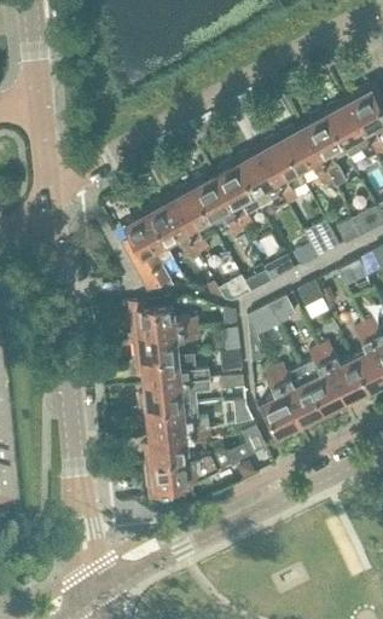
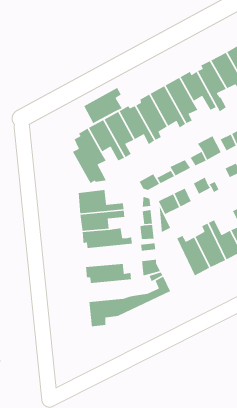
building: none -> [83,87,123,124]
building: [261,370,301,436] -> none
building: [140,378,211,411] -> none
building: [146,430,211,462] -> none

